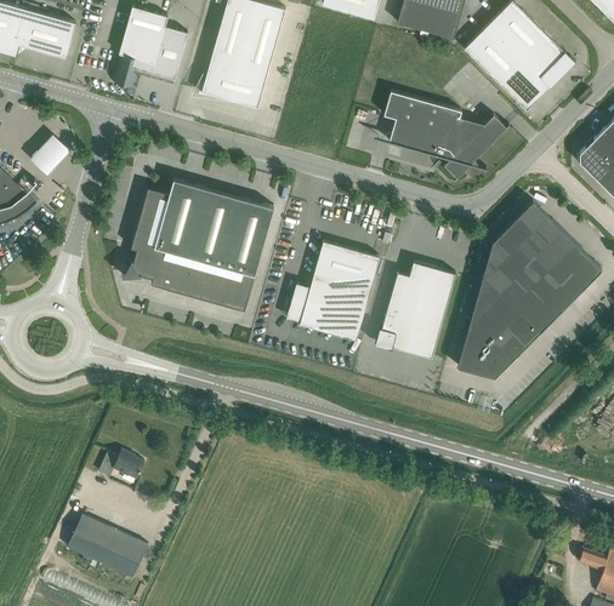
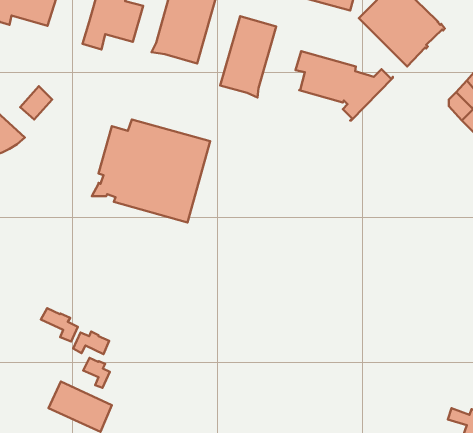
building: none -> [220,16,276,98]
building: [457,201,602,378] -> none
building: [288,242,380,341] -> none
building: [375,263,455,359] -> none
building: none -> [41,308,78,342]
building: none -> [83,358,110,388]

